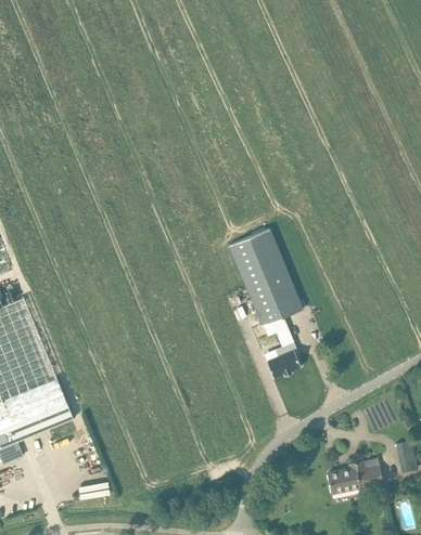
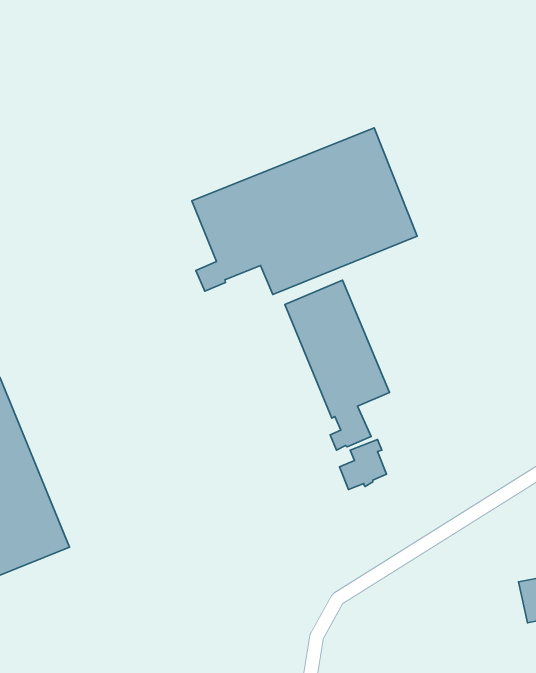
building: none -> [192,128,417,295]
building: [327,457,381,493] -> none

